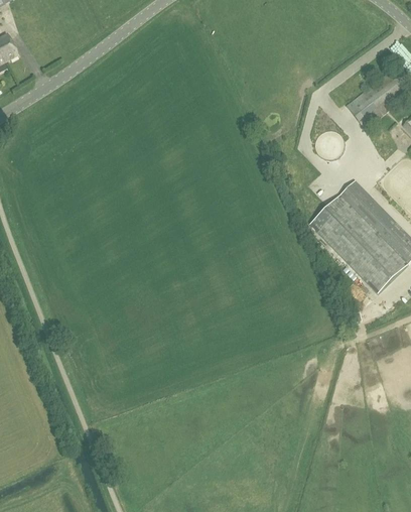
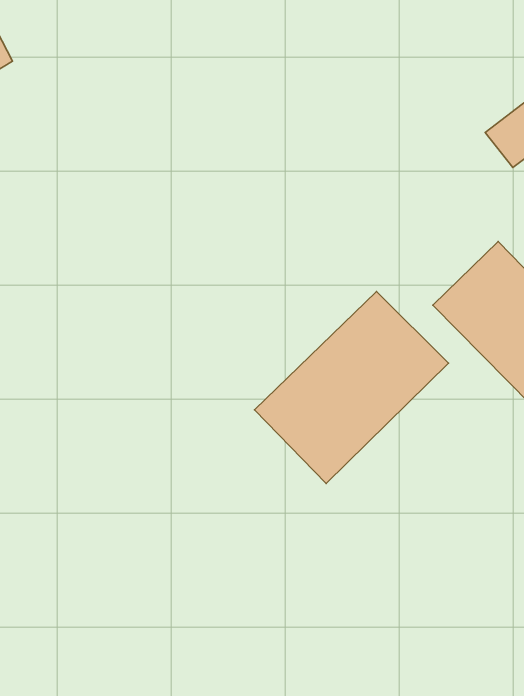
building: none -> [254,292,449,483]

